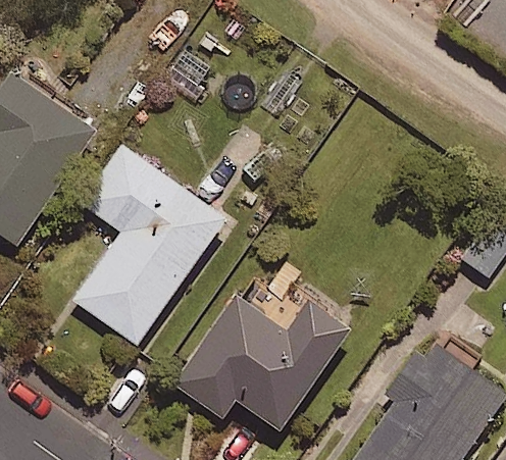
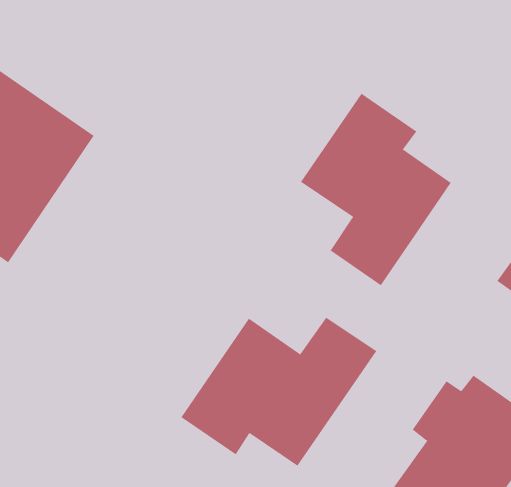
building: none -> [300,93,451,286]
building: [73,146,224,345] -> none

